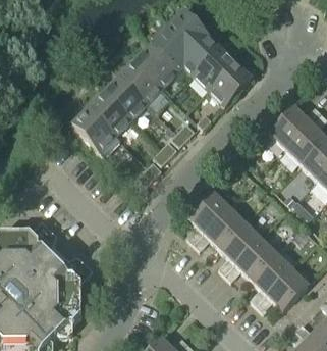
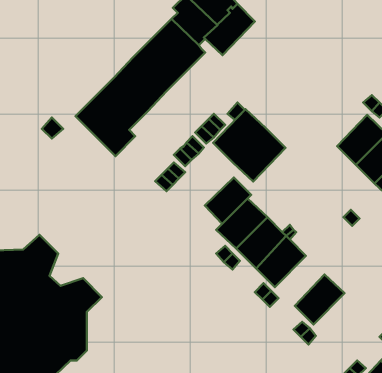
building: [193,46,252,105] -> [213,109,286,182]
building: [270,107,311,148] -> none
building: none -> [205,178,251,224]
building: [235,238,276,279] -> none
building: [267,268,309,310] -> none

